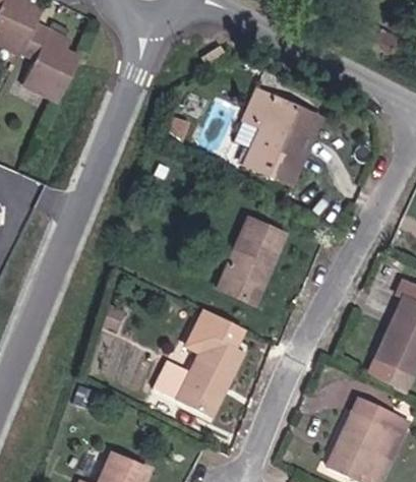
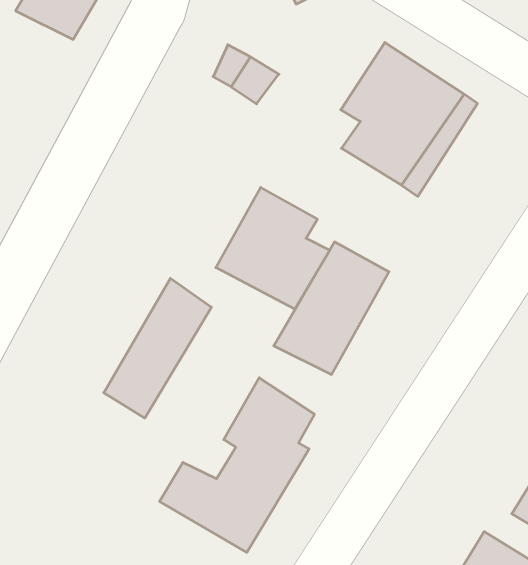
building: none -> [216,187,330,309]
building: none -> [104,278,211,418]

